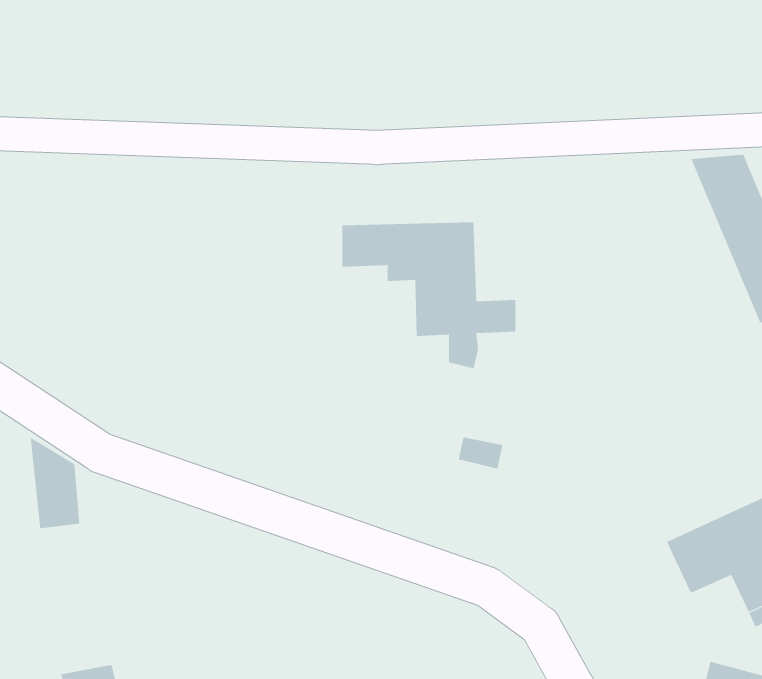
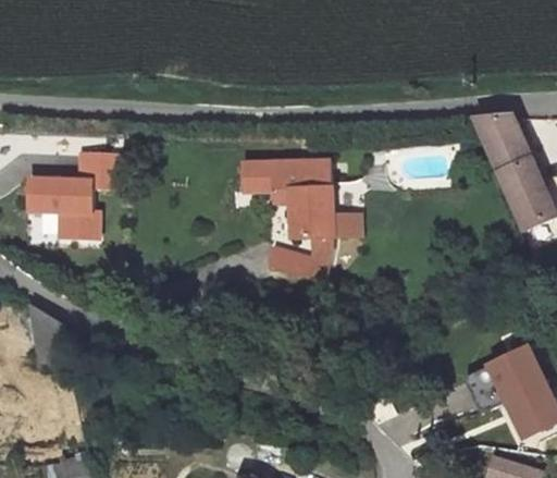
building: none -> [33,151,121,236]
building: none -> [267,246,331,281]

